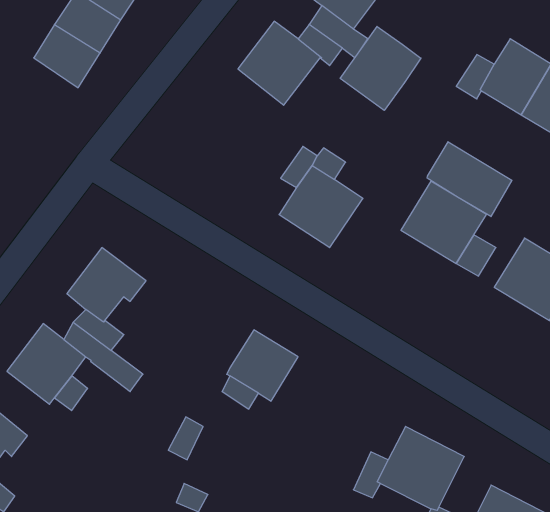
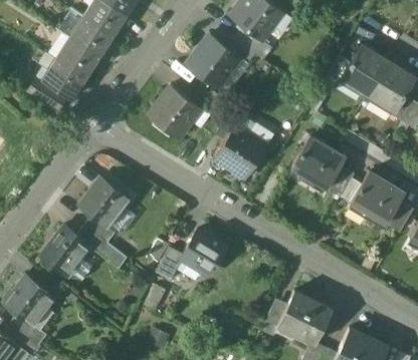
building: [340,26,421,110] -> none
building: none -> [44,58,86,98]
building: none -> [149,86,202,138]
building: [427,142,512,217] -> none
building: none -> [156,248,183,281]

